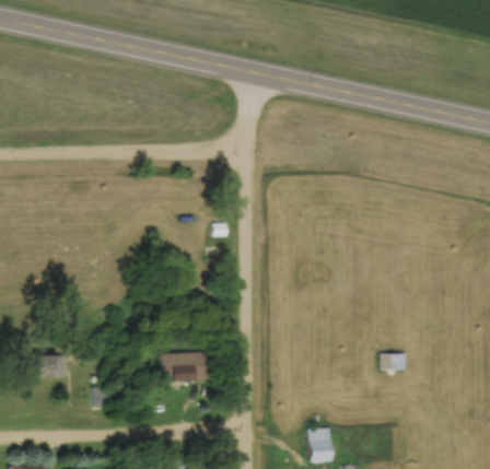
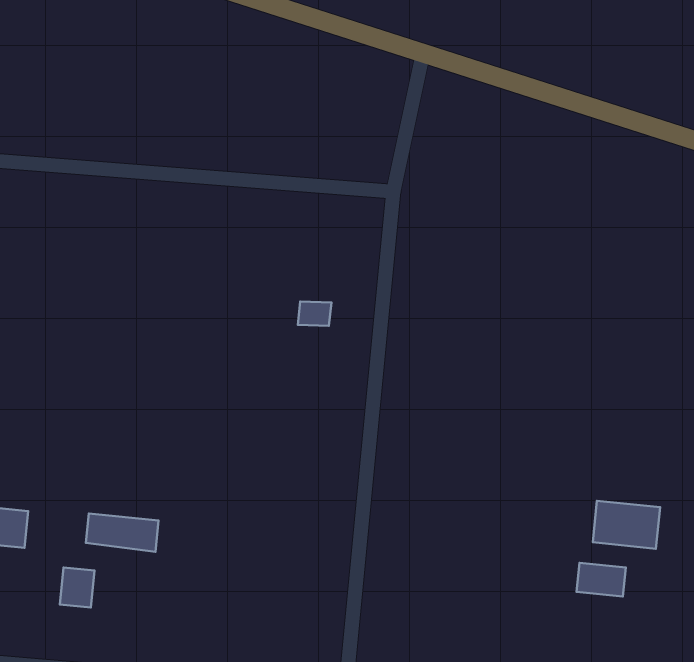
building: none -> [593,501,660,549]
building: [161,364,200,382] -> [86,514,159,552]

